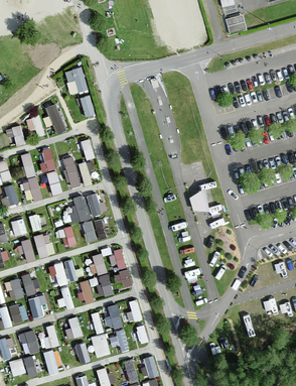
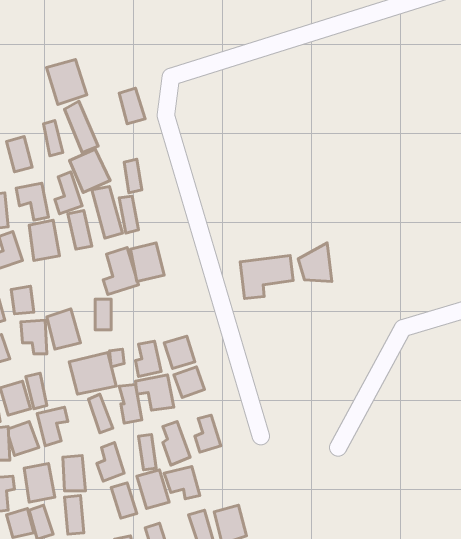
building: [63,67,89,95] -> [47,59,87,104]
building: none -> [70,149,110,192]
building: none -> [240,256,293,298]
building: [82,218,107,243] -> none

